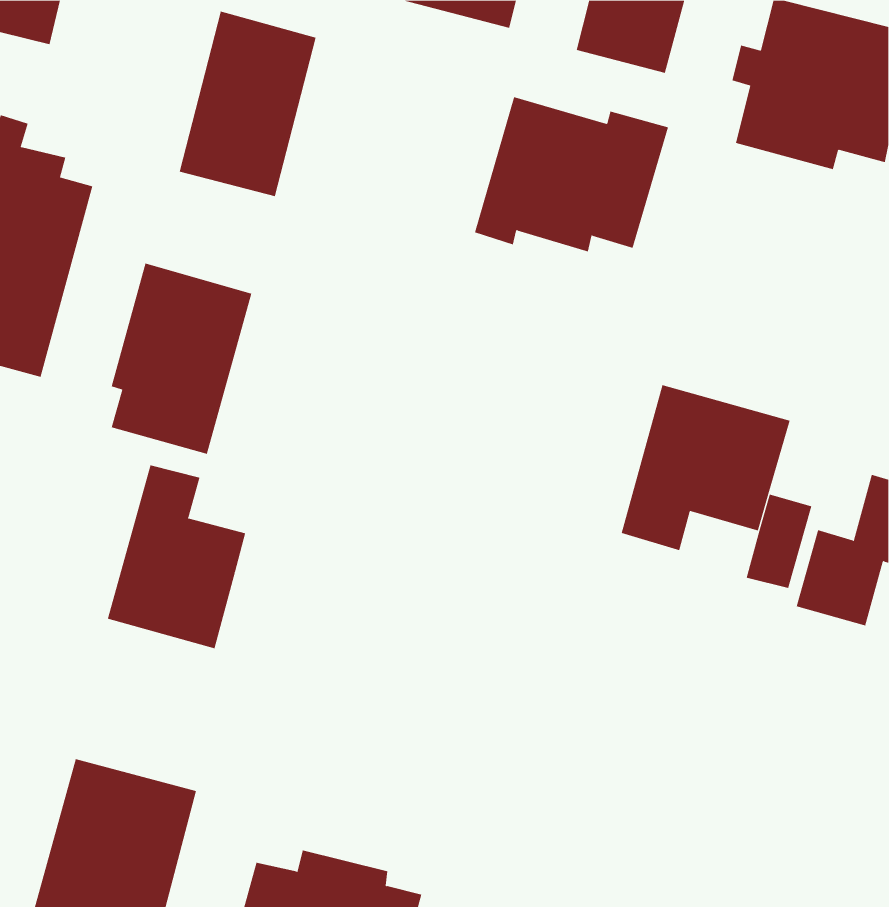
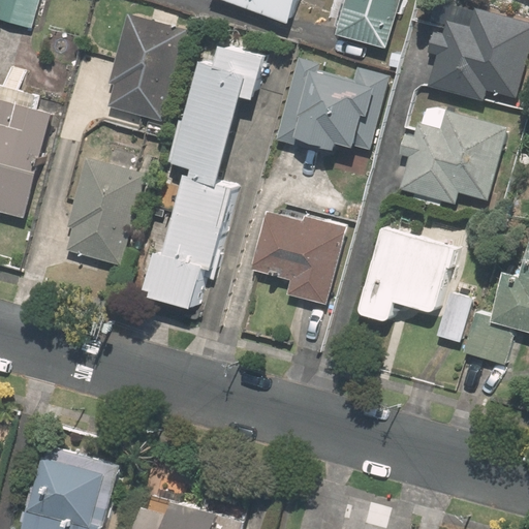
building: none -> [149,42,269,305]
building: none -> [398,102,504,207]
building: none -> [252,209,340,305]
building: [107,465,246,649] -> none

